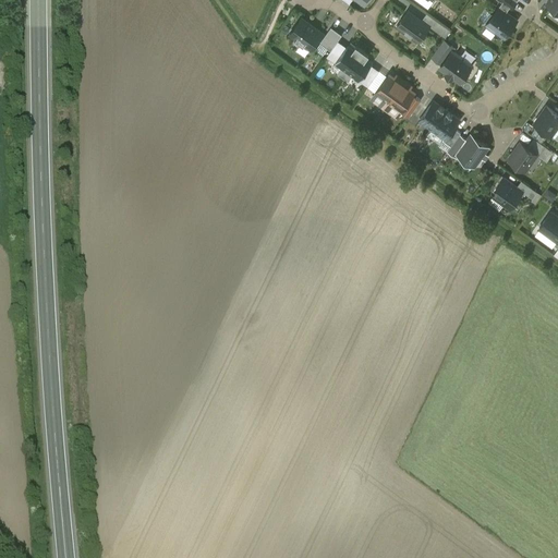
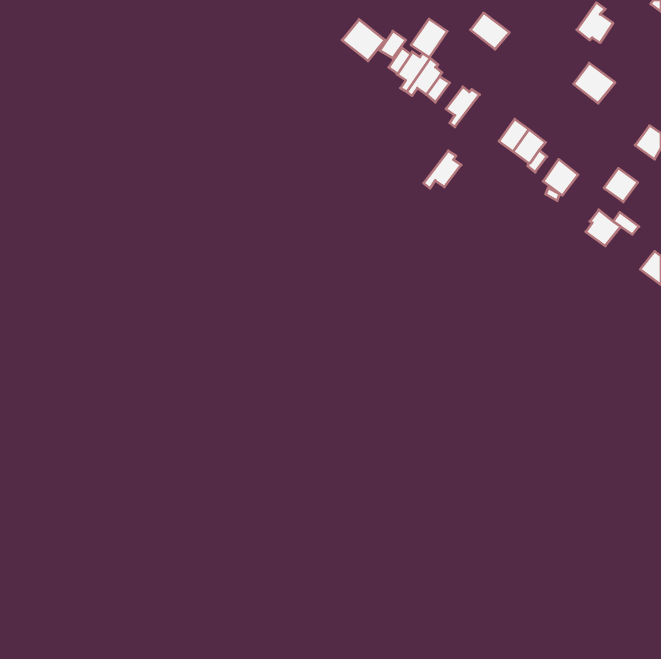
building: none -> [411,19,447,57]
building: [438,51,473,85] -> [574,63,615,103]
building: [383,82,414,113] -> [424,151,461,188]

